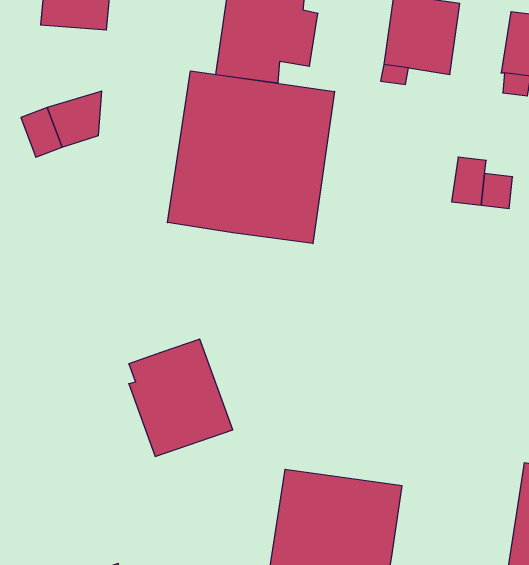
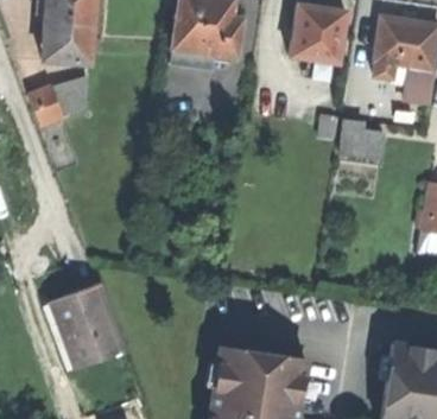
building: none -> [42,26,91,58]
building: [167,71,335,244] -> none
building: [129,339,233,456] -> [49,284,124,368]

